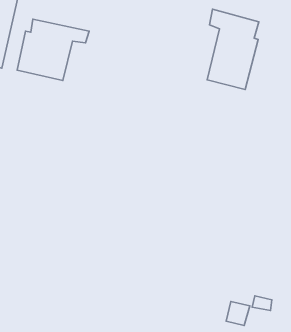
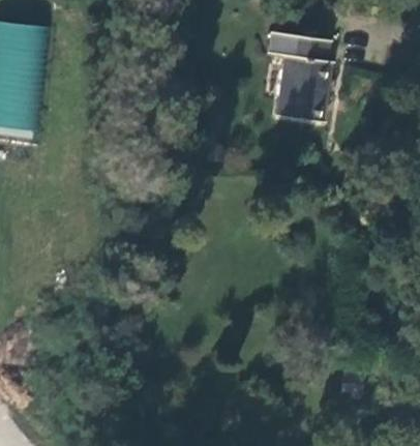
building: [17,19,89,81] -> none

